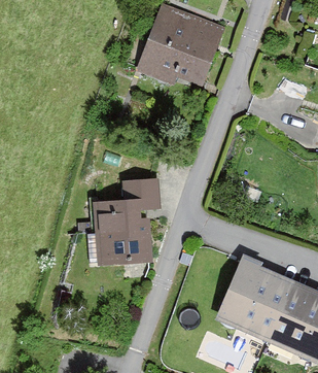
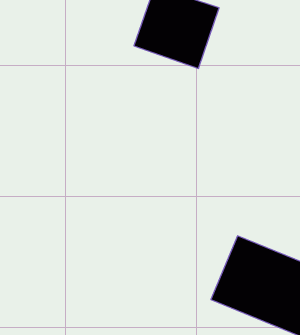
building: [98,176,162,264] -> none

